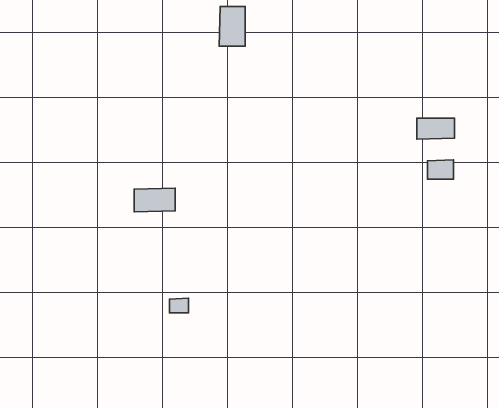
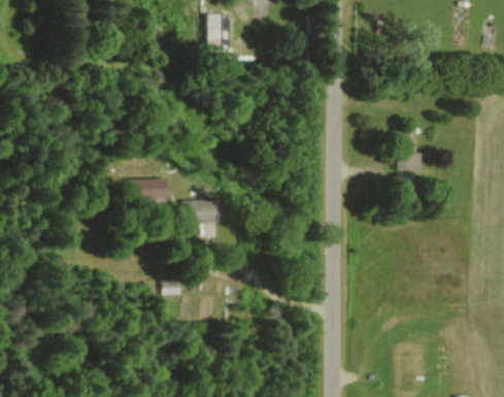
building: [417,118,455,139] -> none
building: none -> [180,200,221,223]

